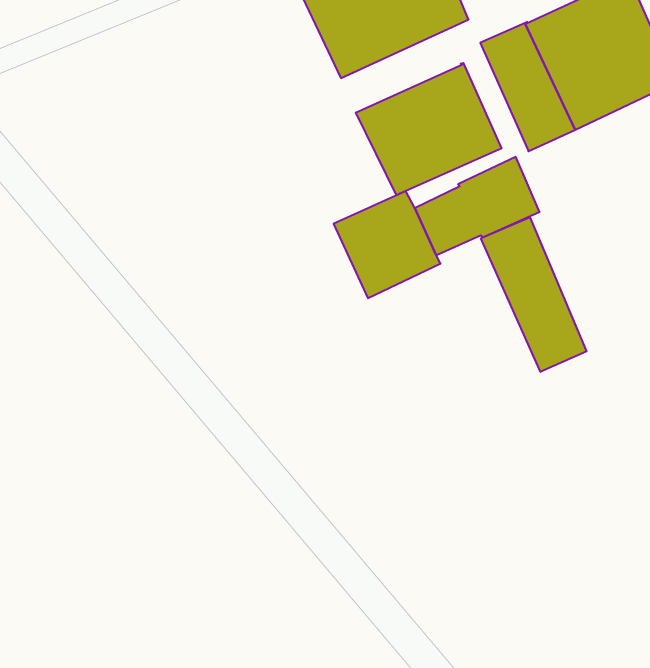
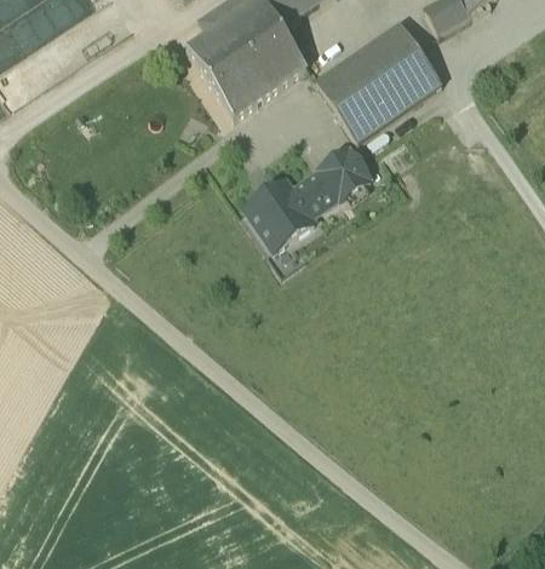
building: [356,63,501,195] -> none
building: [481,217,587,372] -> none

